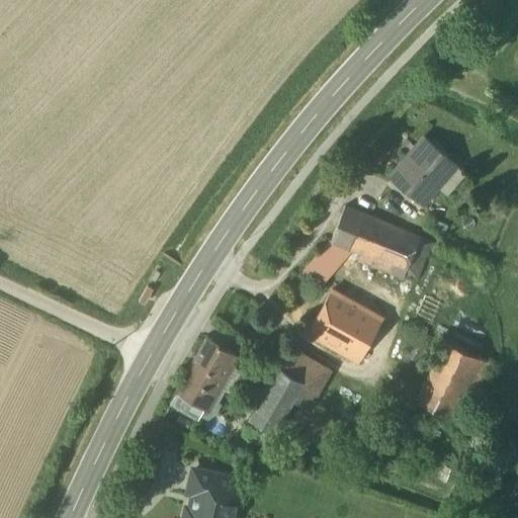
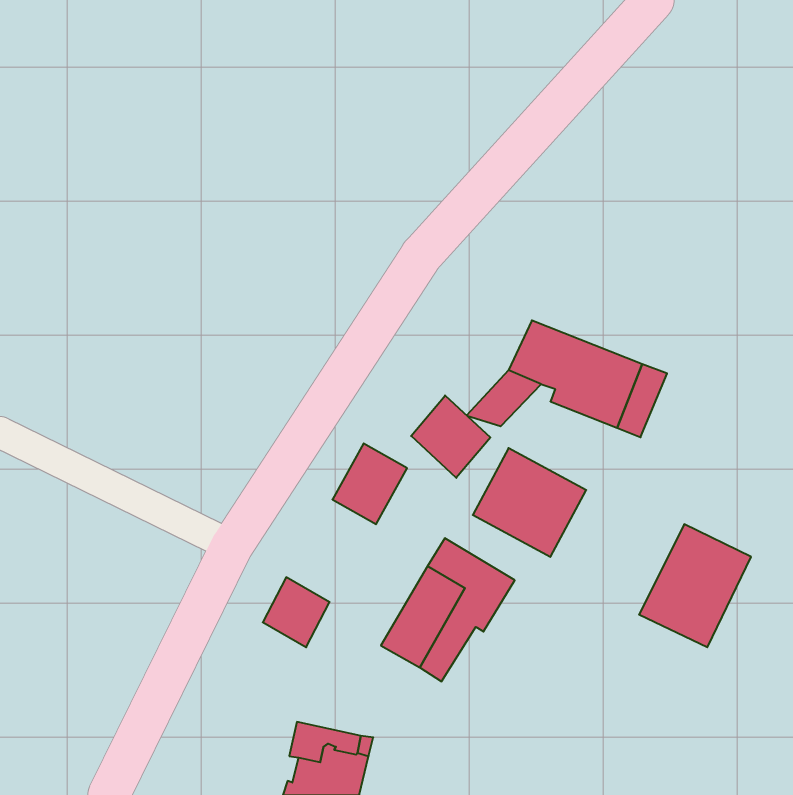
building: [391,138,457,204] -> none
building: none -> [411,395,490,478]
building: [187,339,236,392] -> [332,443,407,524]

